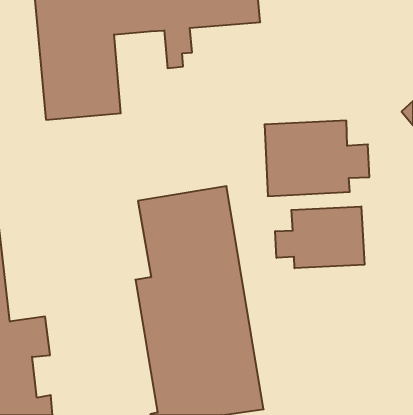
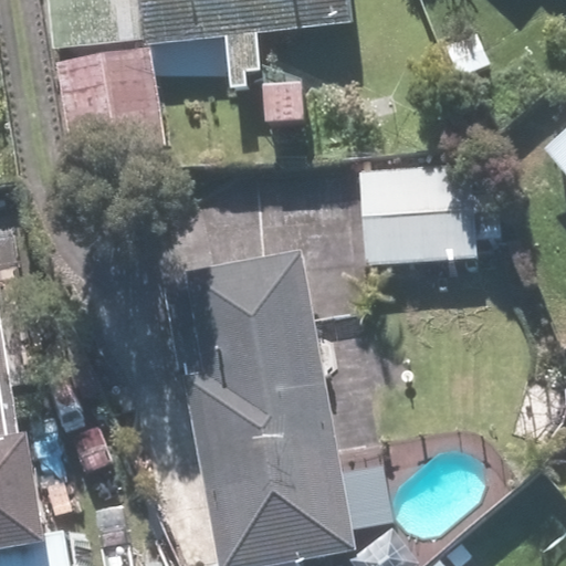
building: [275,206,364,268] -> none

